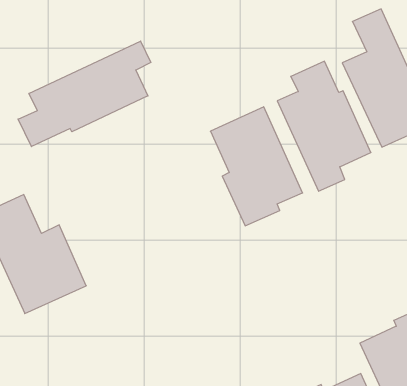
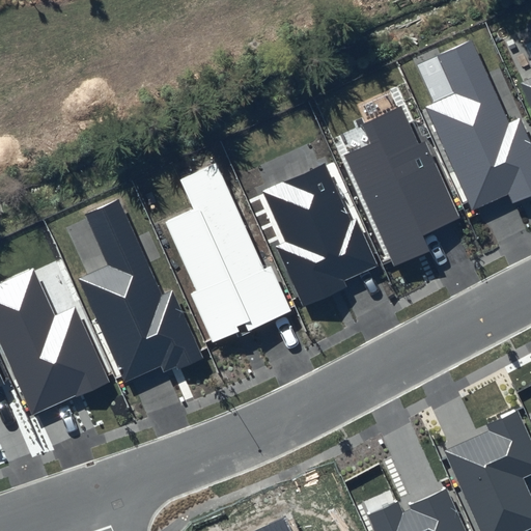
building: [18,41,151,147] -> none
building: none -> [164,162,290,344]
building: none -> [78,201,203,382]

